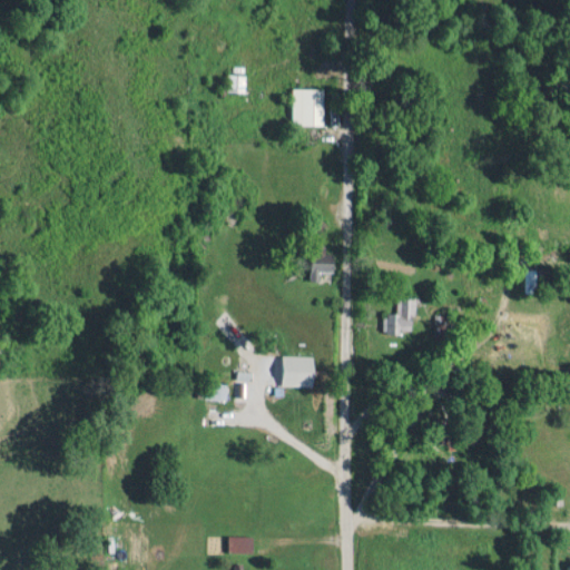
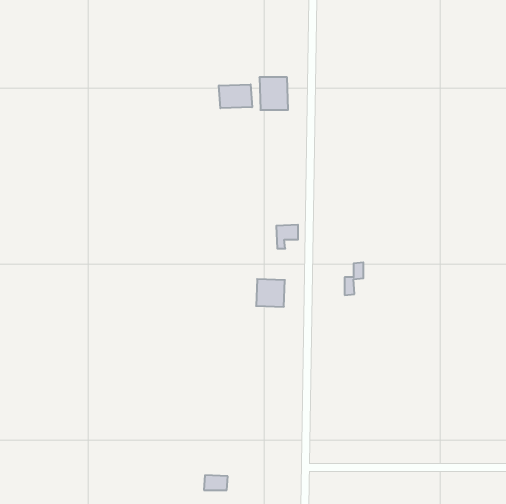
building: none -> [219,84,252,108]
building: [283,356,315,387] -> [256,279,285,307]

